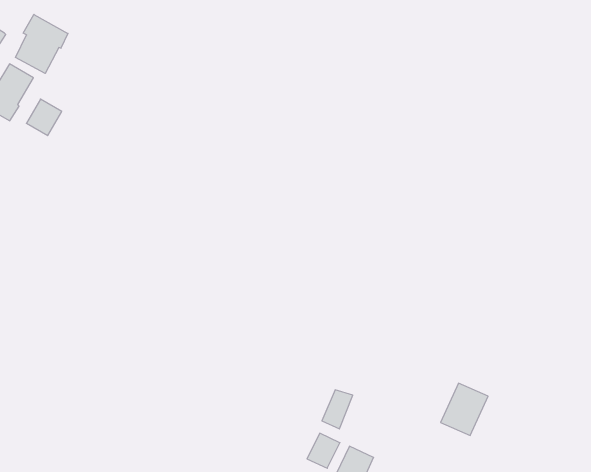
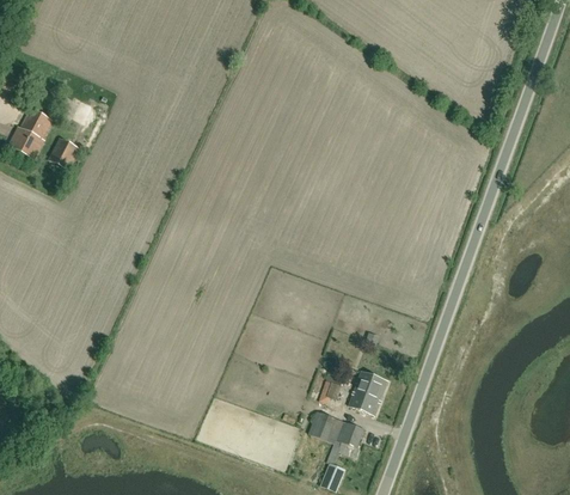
building: [16,14,68,73] -> none
building: [441,383,488,435] -> [349,371,388,415]

